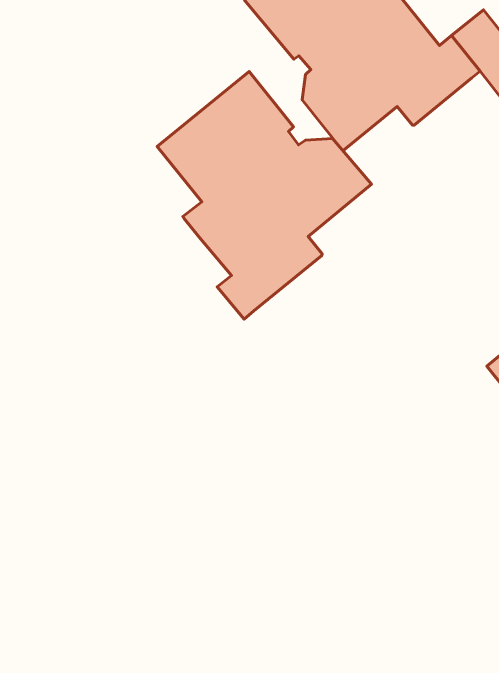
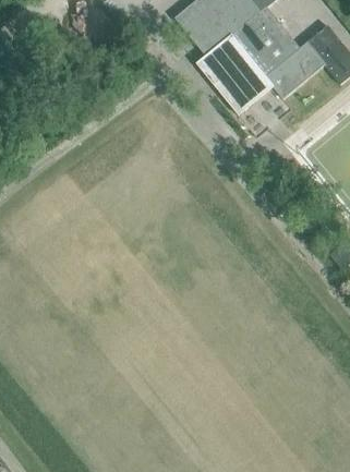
building: [157,72,371,319] -> none

